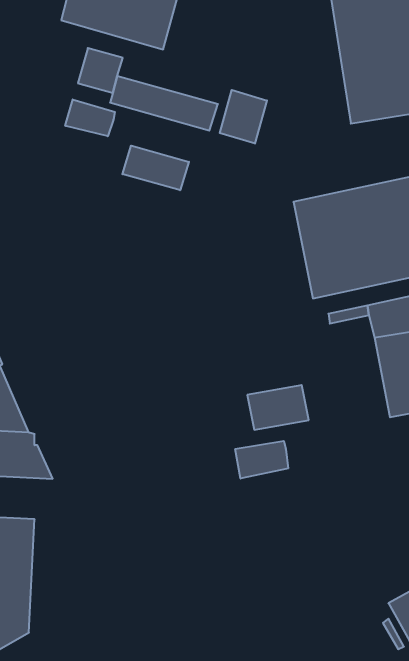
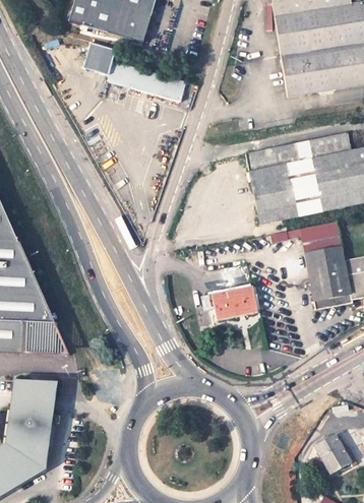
building: [220,90,267,144] -> none
building: [65,99,115,136] -> none
building: [122,146,189,190] -> none
building: [235,441,288,479] -> none

